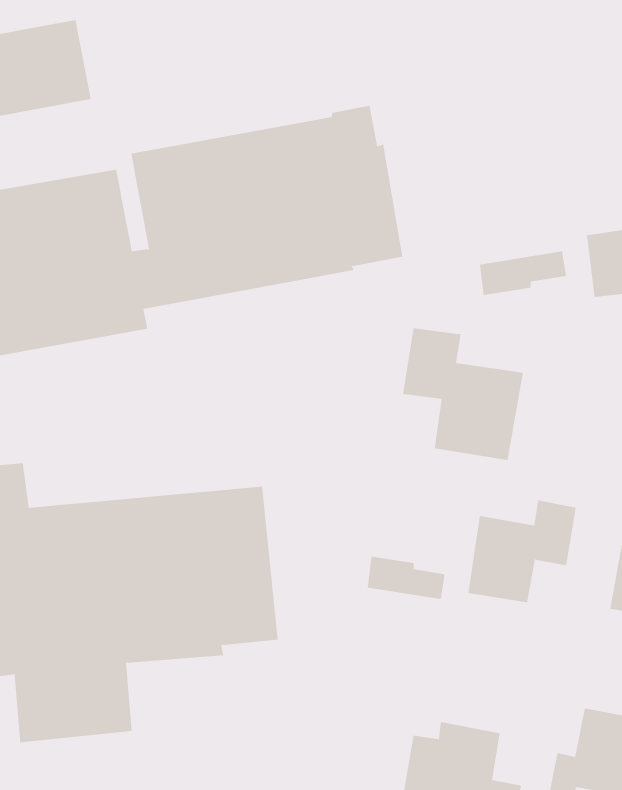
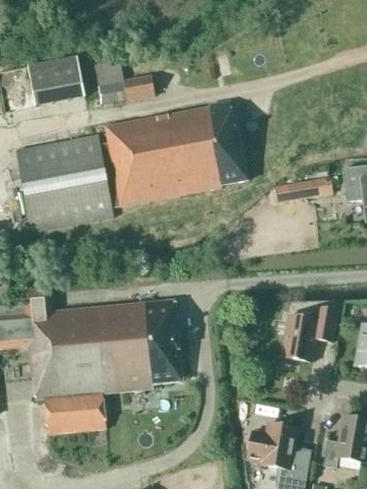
building: none -> [94,60,155,104]
building: [403,328,523,461] -> none
building: [367,556,445,600] -> none

